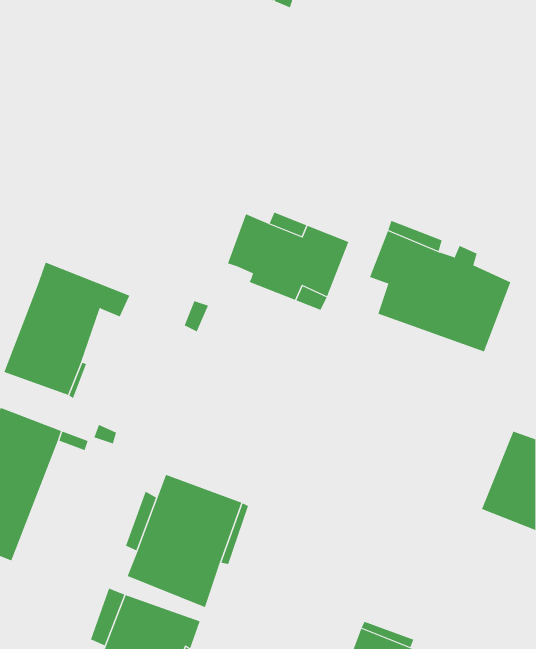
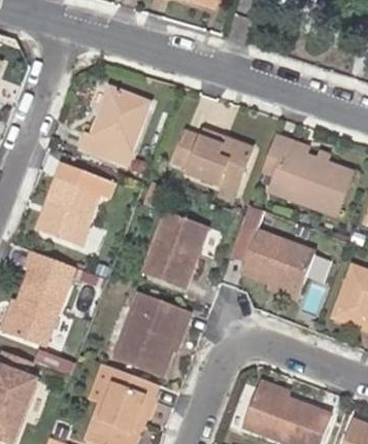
building: none -> [78,89,148,158]
building: none -> [231,206,315,293]
building: none -> [141,210,207,289]

